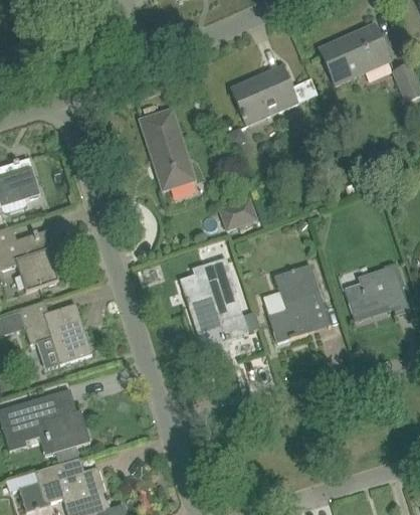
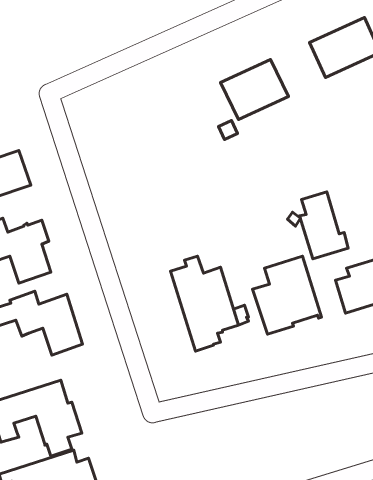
building: [140,110,194,189] -> none
building: [218,198,257,230] -> none
building: none -> [300,192,348,259]

